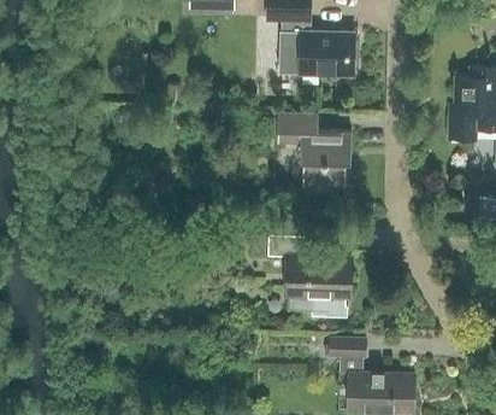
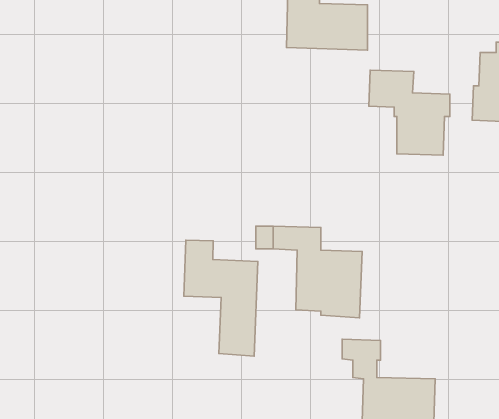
building: [278,112,352,189] -> [369,70,450,155]
building: none -> [184,240,258,356]

